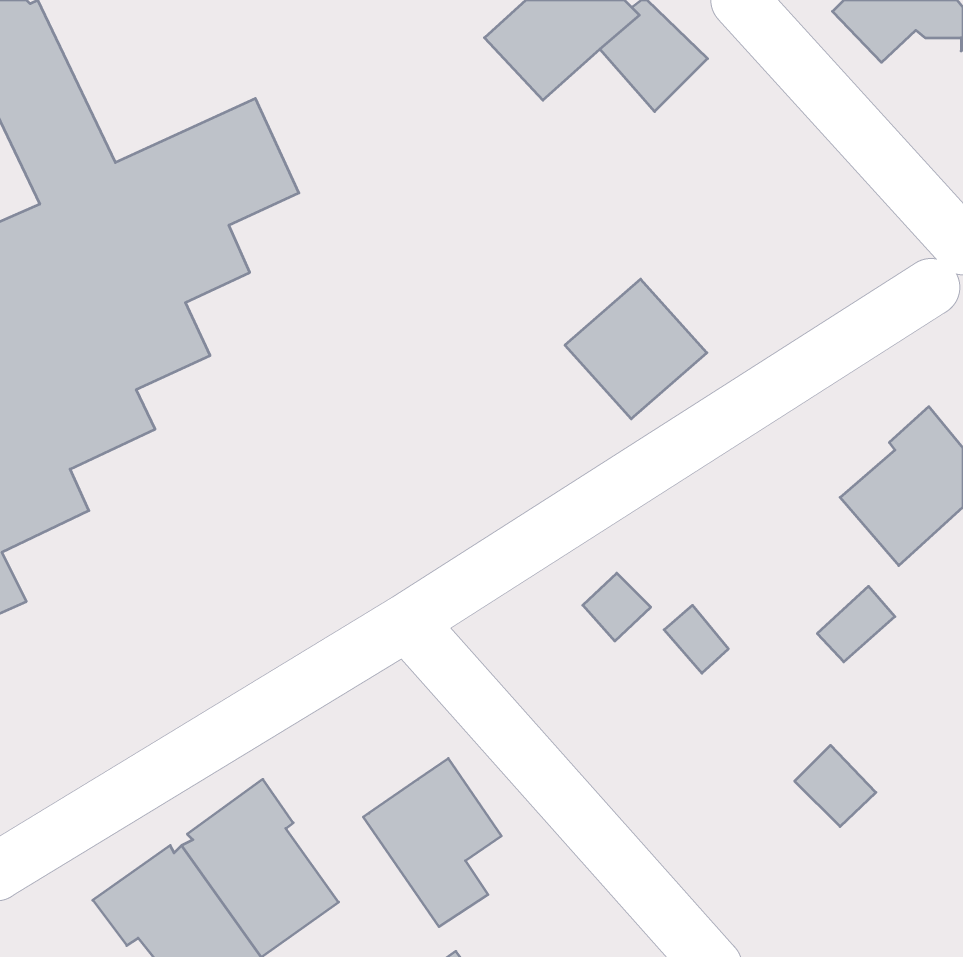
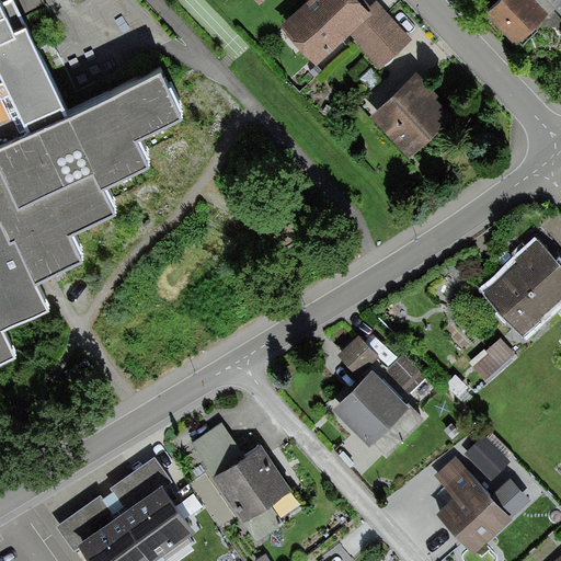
building: [565,279,707,419] -> [370,75,453,156]
building: none -> [330,367,423,456]
building: none -> [192,426,242,477]
building: none -> [433,458,528,553]

